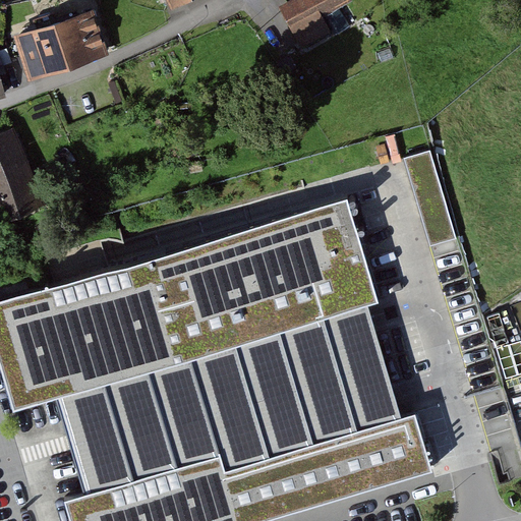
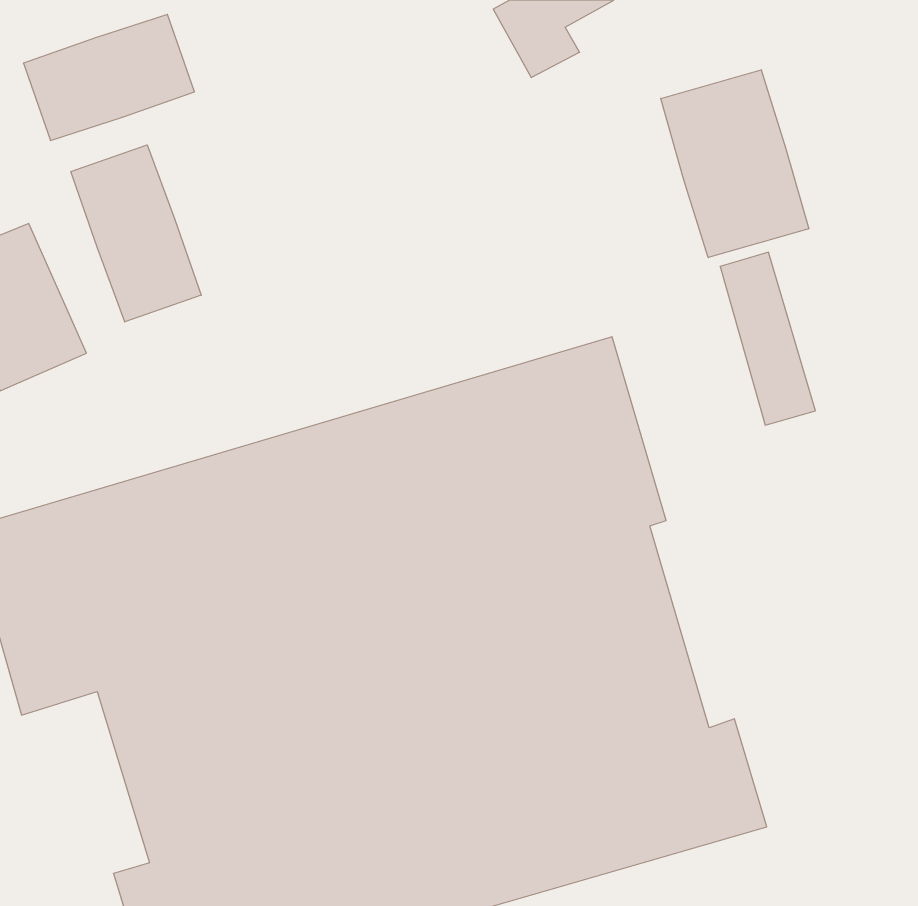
building: none -> [661,70,809,258]
building: none -> [71,145,201,322]

